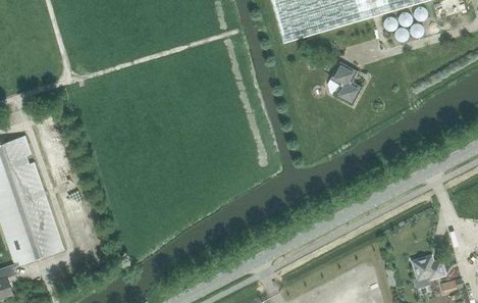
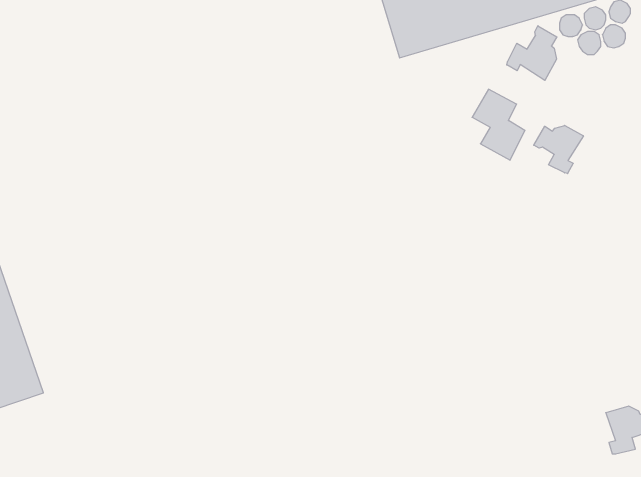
building: none -> [507,26,557,80]
building: none -> [534,125,583,174]

